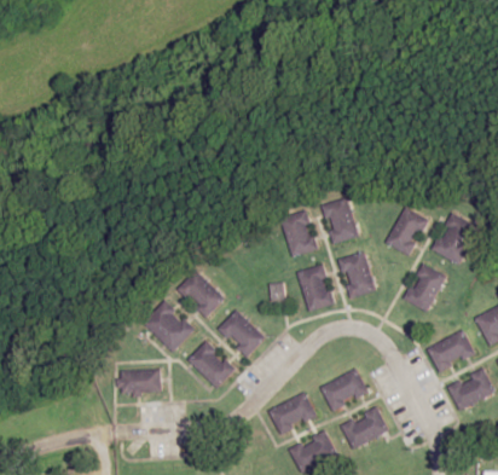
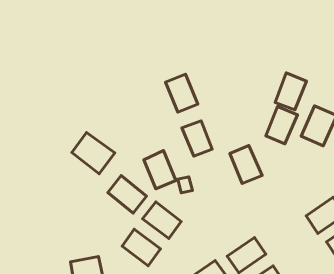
building: none -> [275,73,307,110]
building: [322,197,359,244] -> [166,74,198,112]
building: [404,262,447,312] -> none
building: [297,263,335,311] -> [144,151,176,189]
building: [143,299,197,353] -> [72,133,115,174]

